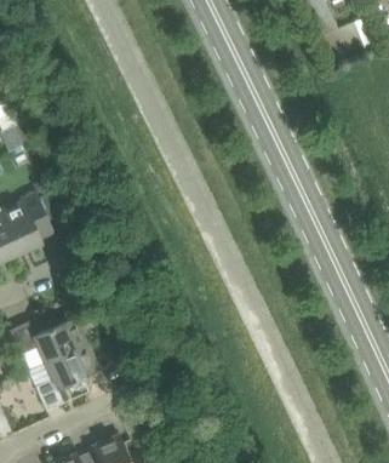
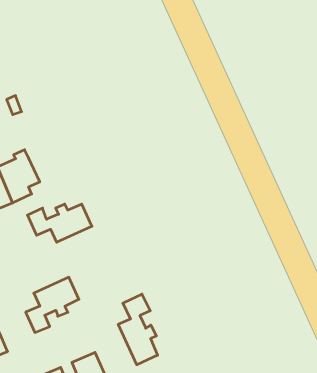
building: [8,316,86,362] -> [27,204,92,242]
building: none -> [118,294,158,365]

